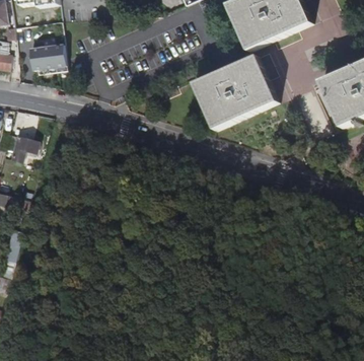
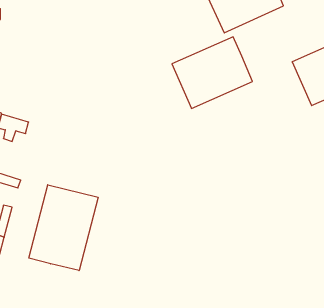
building: [28,43,66,72] -> none
building: none -> [29,185,98,271]

